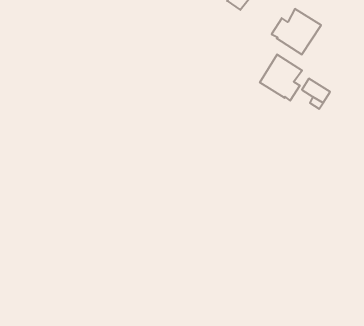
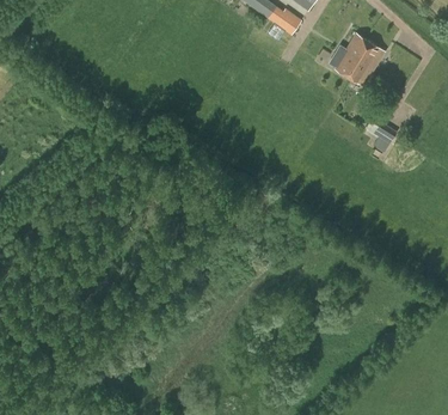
building: [260,54,302,101] -> none

